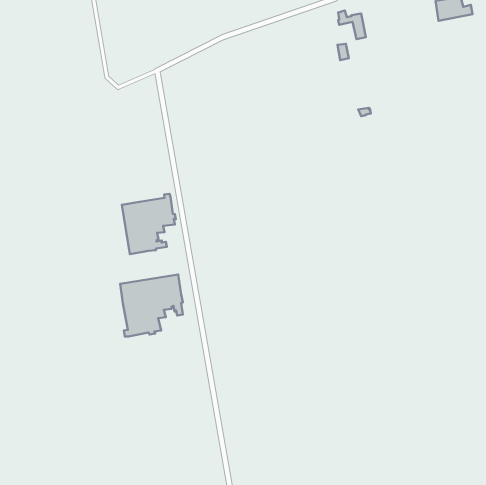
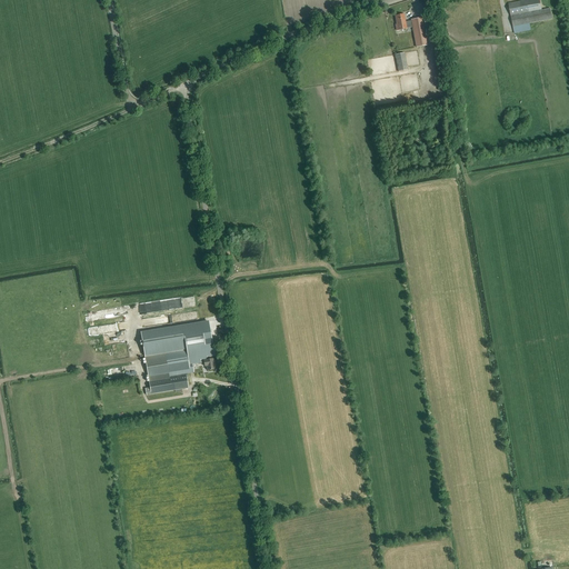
building: [122,194,176,254] -> none

